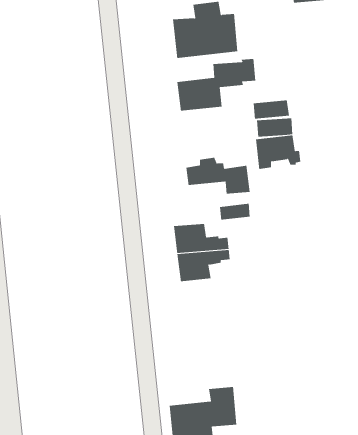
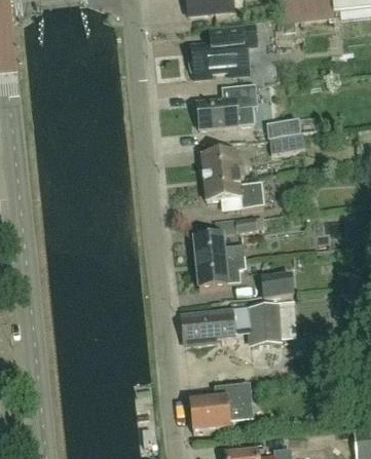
building: [255,135,301,170] -> [200,149,243,181]
building: none -> [261,272,293,293]
building: none -> [180,298,297,344]

